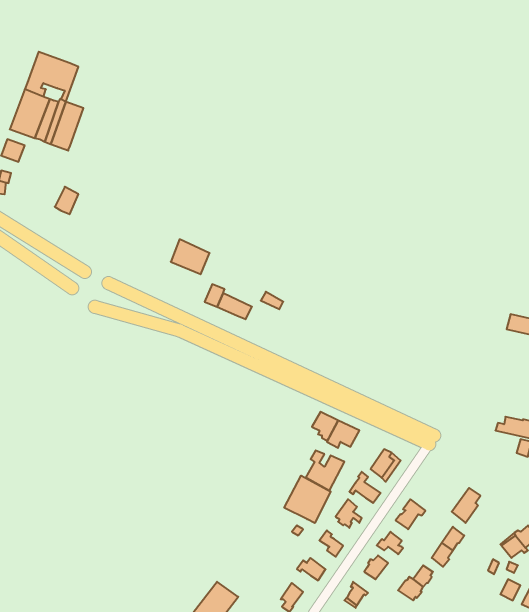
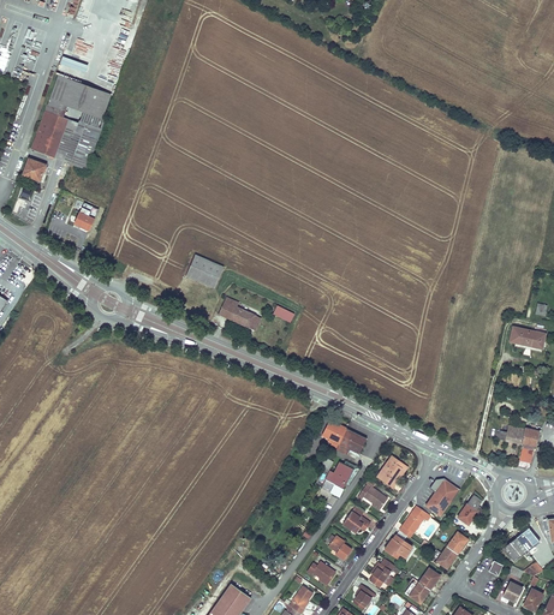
building: none -> [84,89,109,129]
building: none -> [424,479,459,519]
building: [284,476,331,523] -> none

